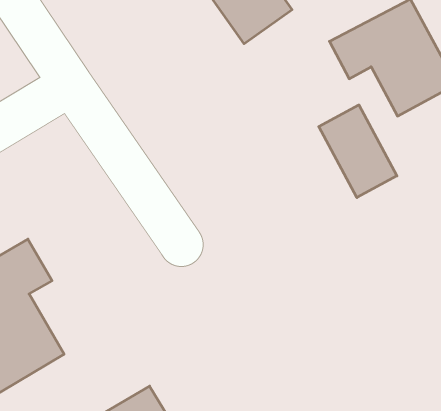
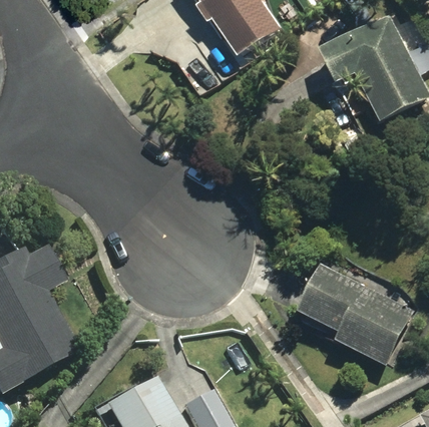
building: [319,105,397,198] -> none
building: none -> [296,265,415,363]

